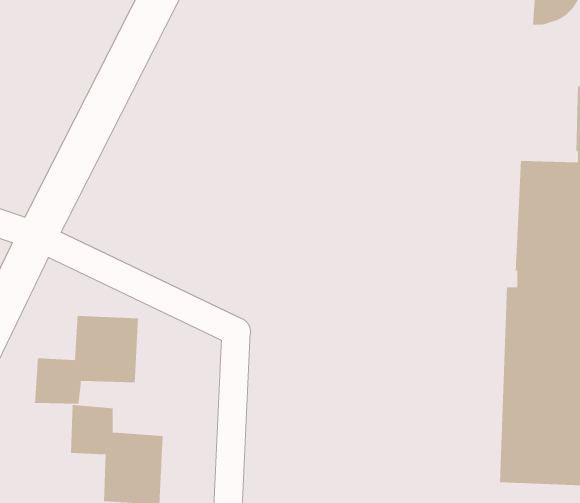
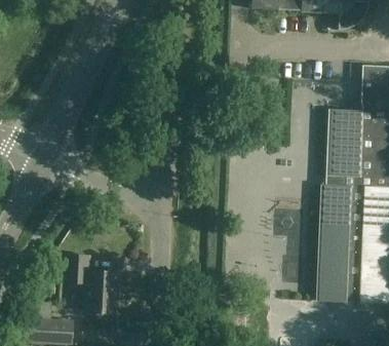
building: [34,315,139,404] -> none

